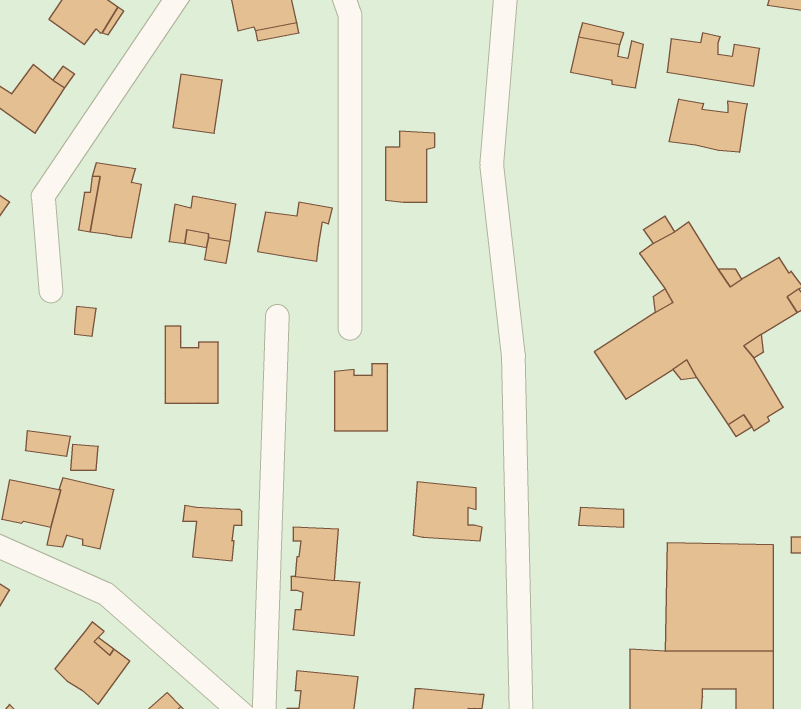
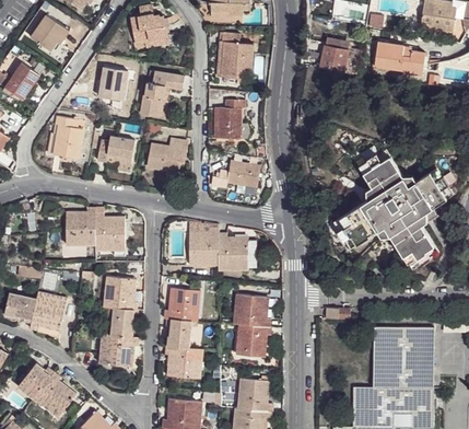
building: none -> [220,32,254,78]
building: none -> [140,71,184,116]
building: [669,99,747,152] -> none
building: none -> [216,160,260,187]
building: none -> [66,207,95,244]
building: none -> [219,232,248,270]
building: none -> [103,276,138,309]
building: none -> [164,288,200,321]
building: none -> [235,324,271,357]
building: none -> [98,334,139,367]
building: none -> [17,362,55,397]
building: none -> [237,378,271,411]

